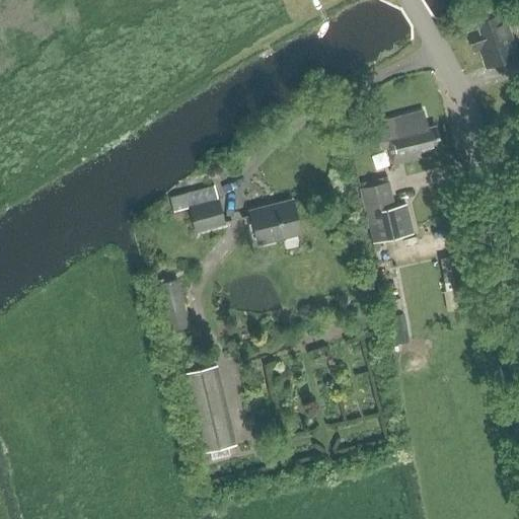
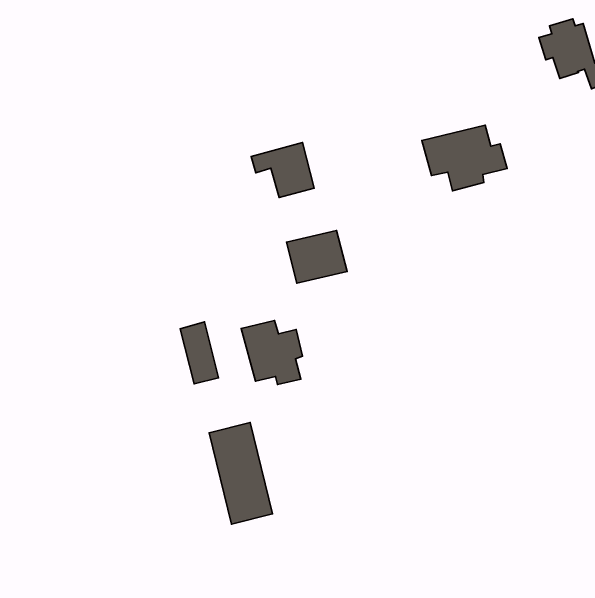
building: [361,182,415,243] -> none
building: [171,186,226,233] -> [251,143,314,198]
building: none -> [241,321,303,384]

